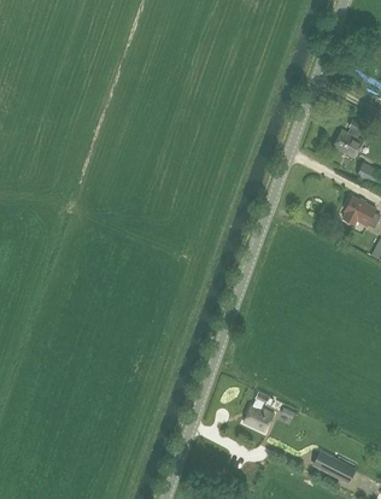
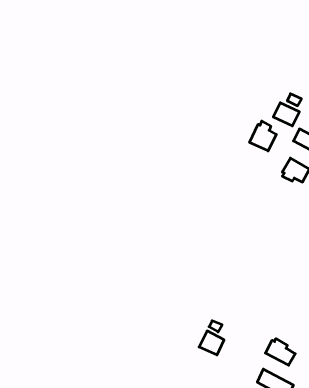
building: none -> [250,121,276,151]
building: none -> [265,339,295,365]

